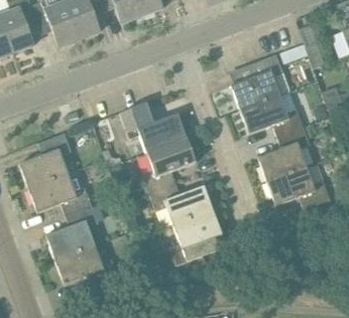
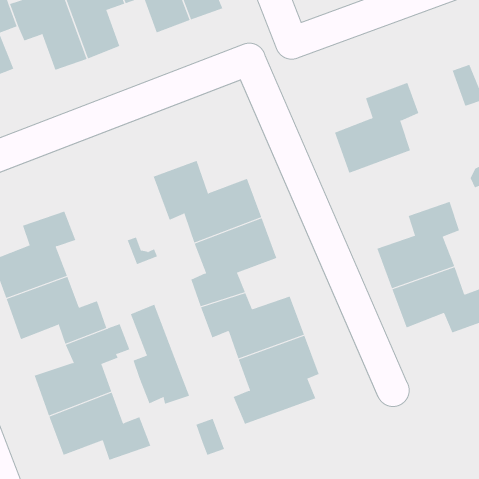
building: [241,95,304,135] -> none
building: none -> [130,304,190,404]

